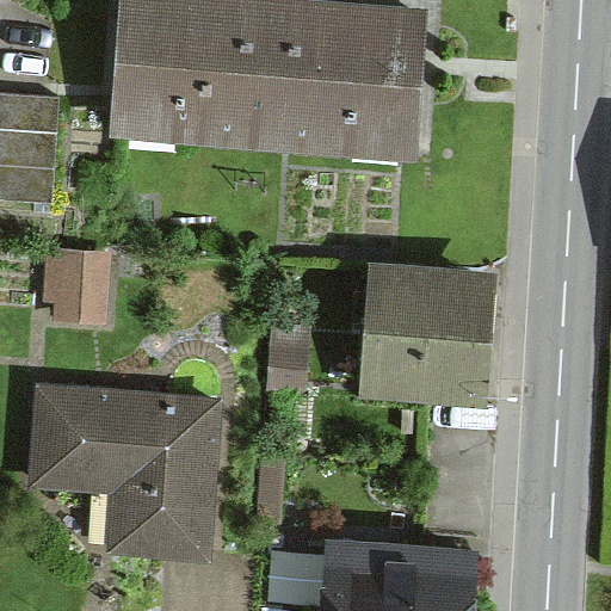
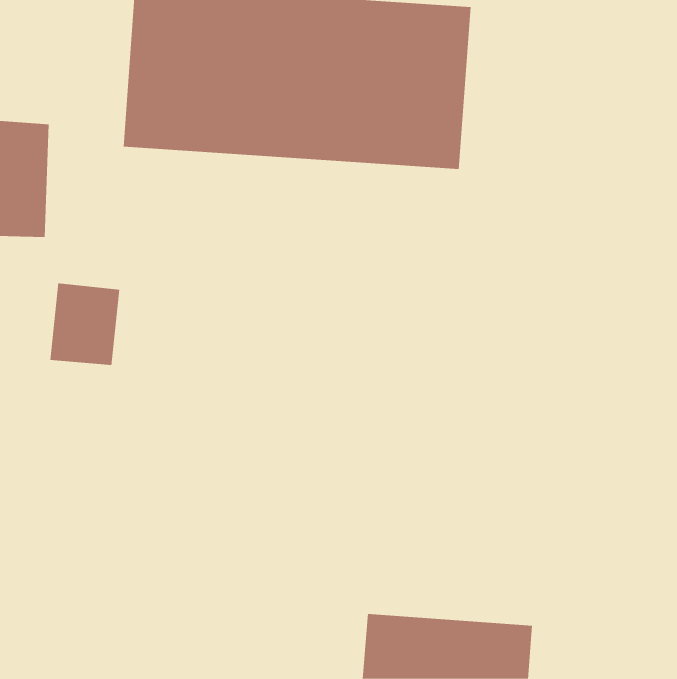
building: [359,270,488,399] -> none
building: [32,403,215,553] -> none

